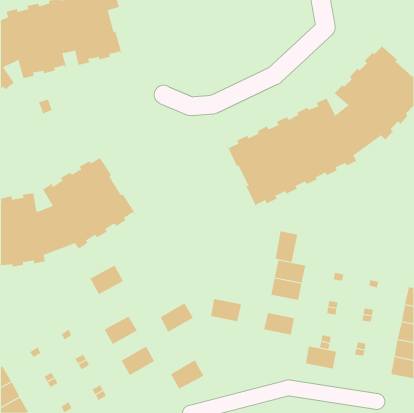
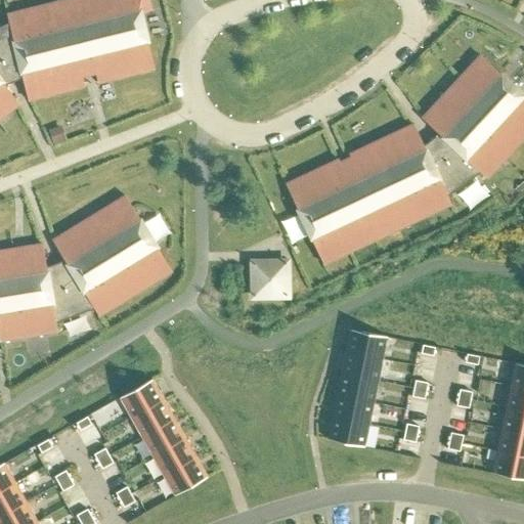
building: none -> [253,262,287,295]
building: [275,231,298,263] -> none
building: [90,265,124,295] -> [120,379,163,417]
building: [210,298,242,322] -> [338,373,378,402]
building: [160,302,194,332] -> [142,418,185,455]
building: [305,346,337,369] -> [329,417,368,446]
building: [170,360,204,389] -> [164,456,207,494]

